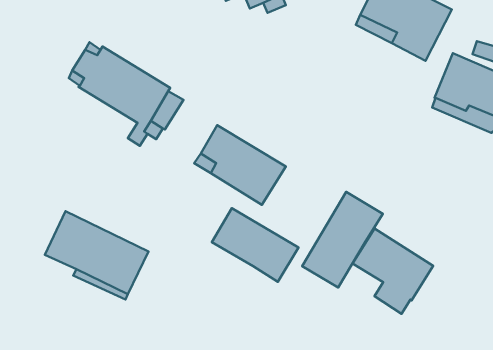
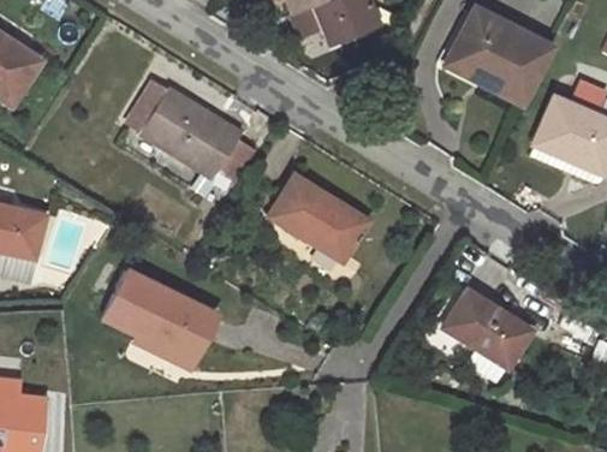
building: [302,192,383,288] -> none
building: [212,208,299,282] -> none

